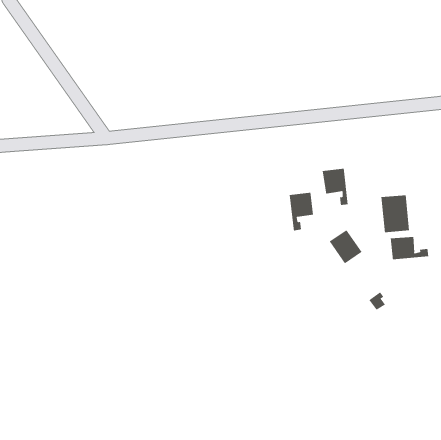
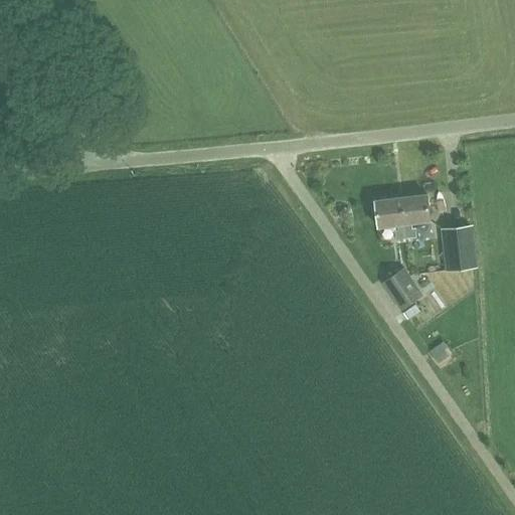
building: [289,192,314,231] -> [401,193,431,238]
building: [390,236,429,260] -> none

